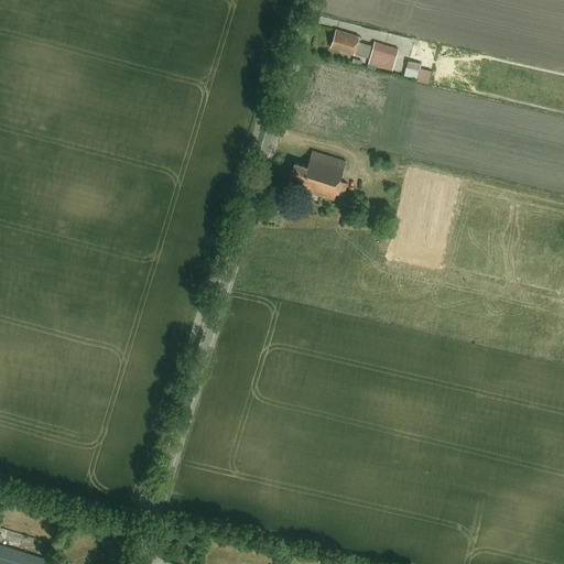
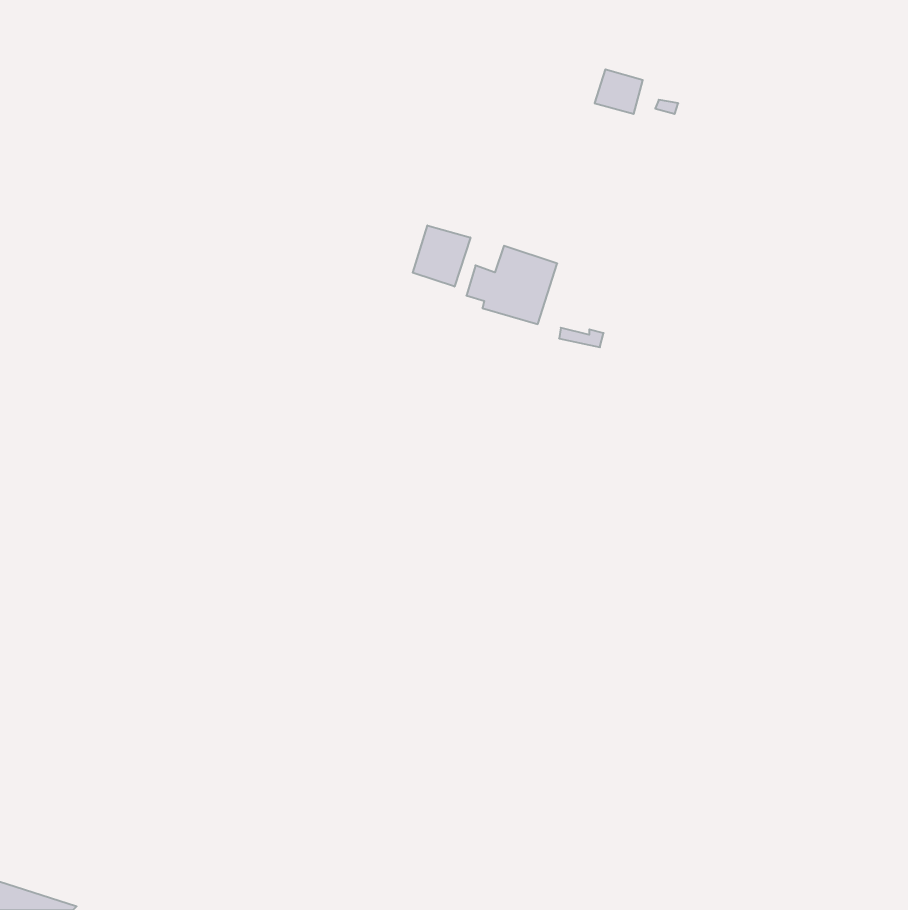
building: [330,31,359,56] -> none
building: none -> [413,225,470,287]

